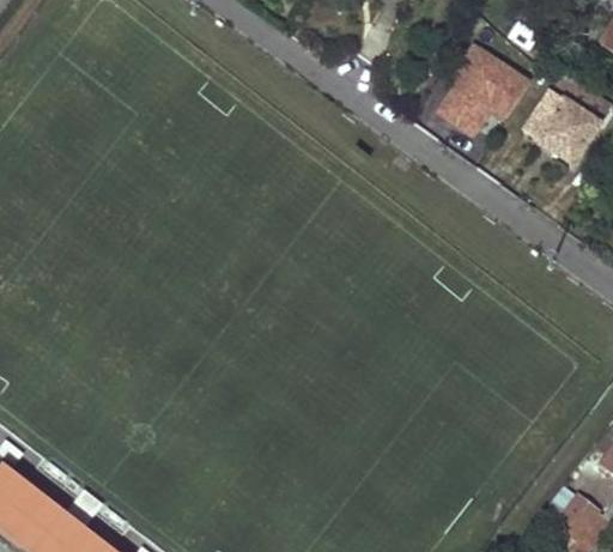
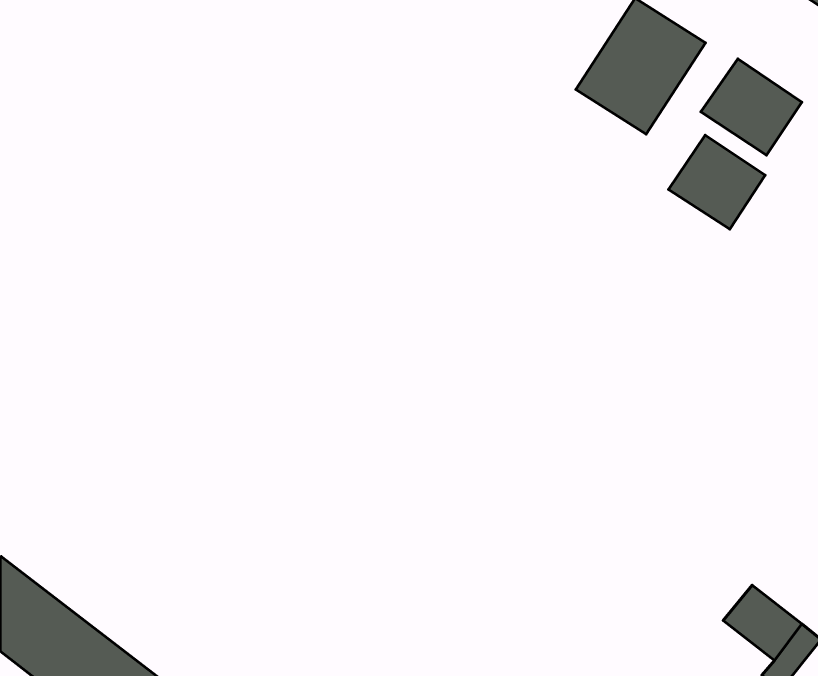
building: none -> [668,135,765,229]

